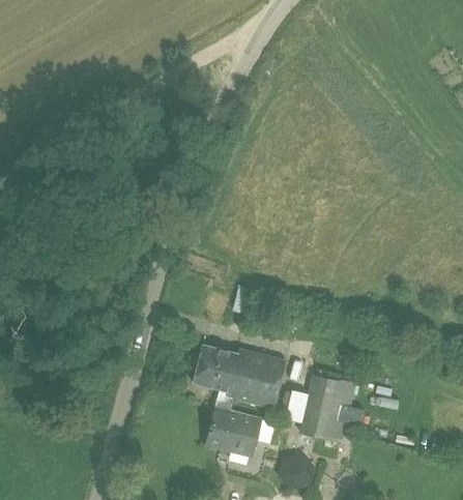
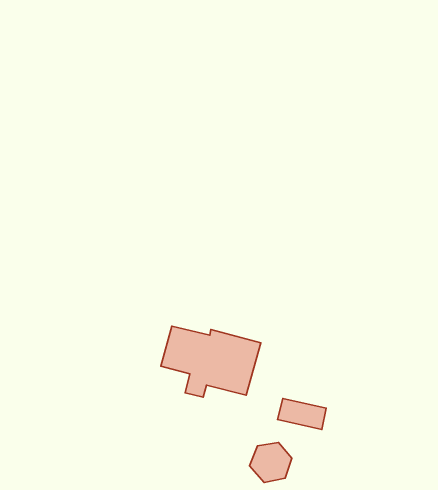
building: [307,376,355,421] -> none
building: [205,407,261,457] -> none

